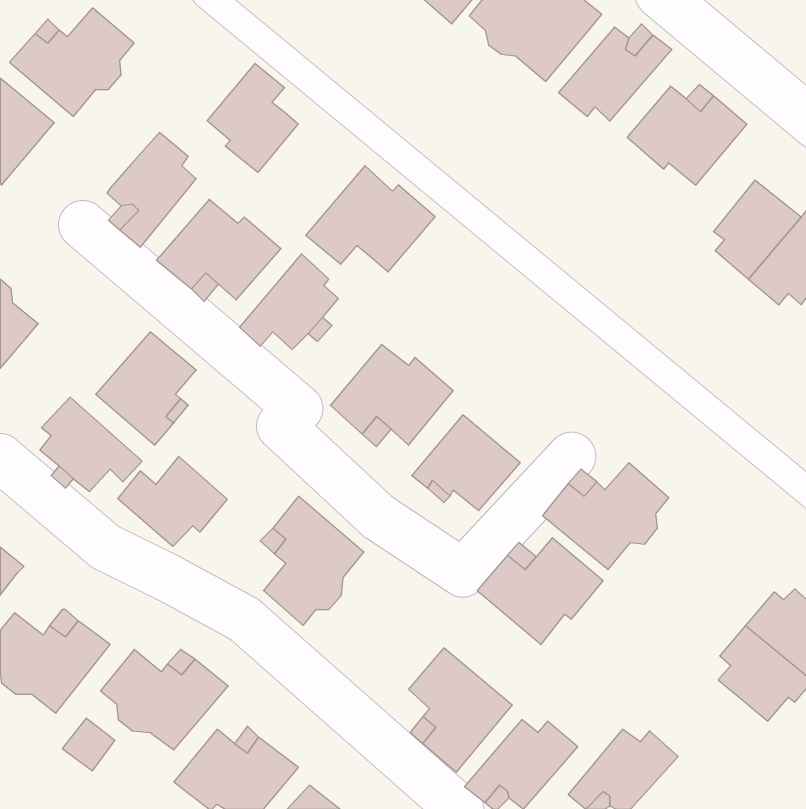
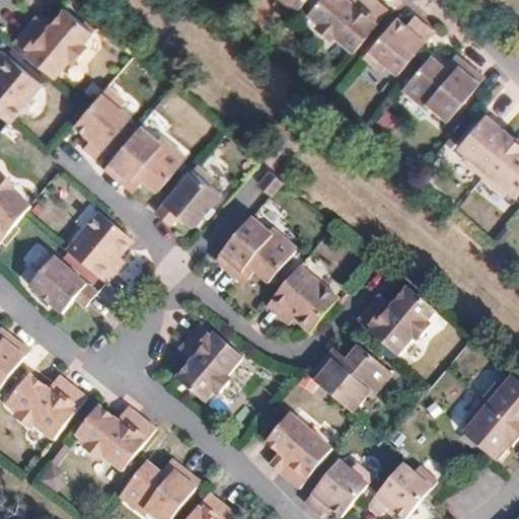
building: [207,63,298,172] -> none
building: [306,166,435,272] -> none
building: [118,456,227,546] -> none

